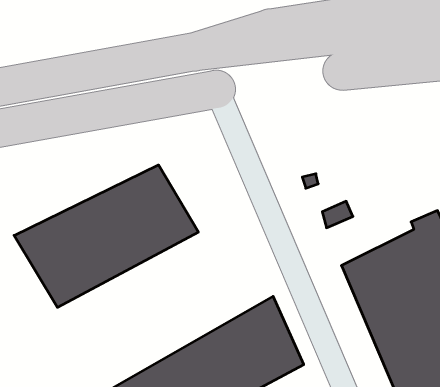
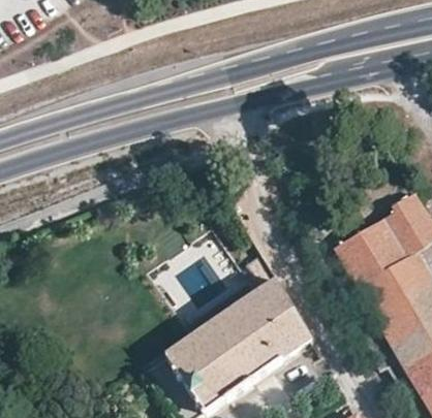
building: [14,165,198,307] -> none

